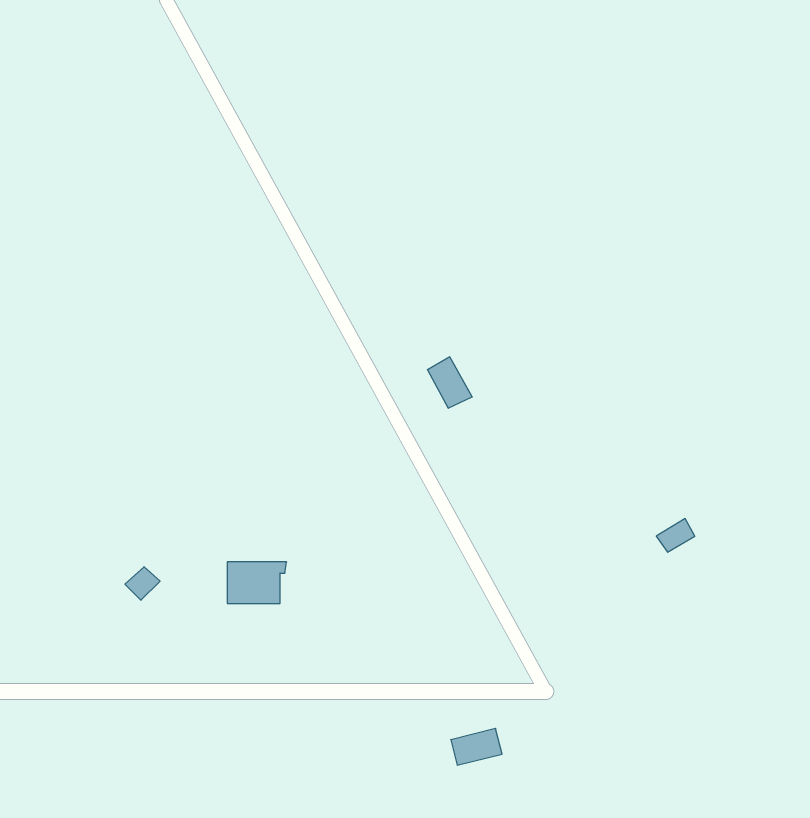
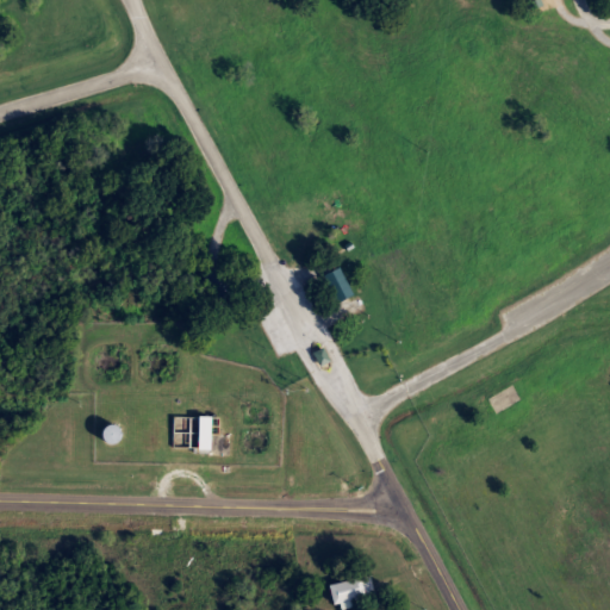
building: [451,728,502,765] -> [328,575,366,603]

